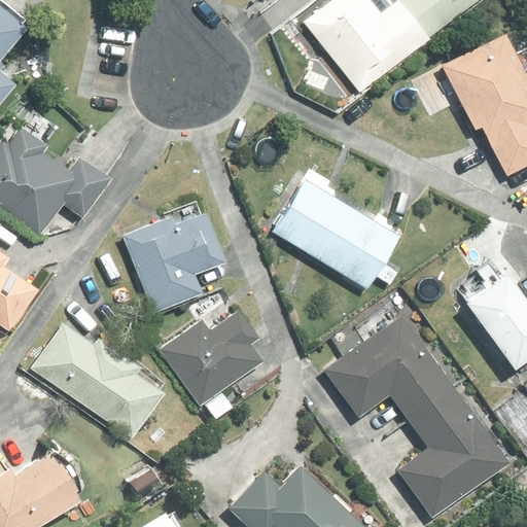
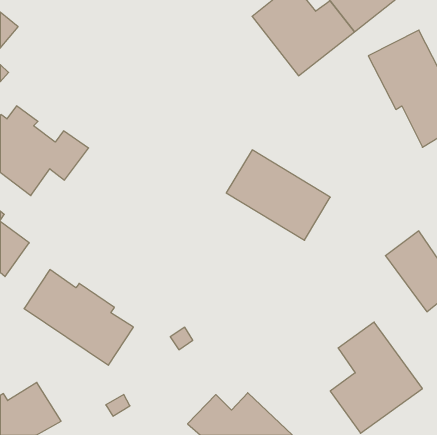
building: [125,214,224,311] -> none
building: [161,310,260,402] -> none
building: [324,314,451,417] -> none

